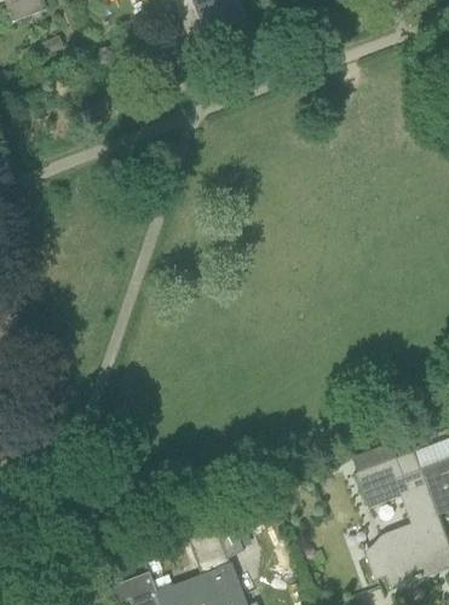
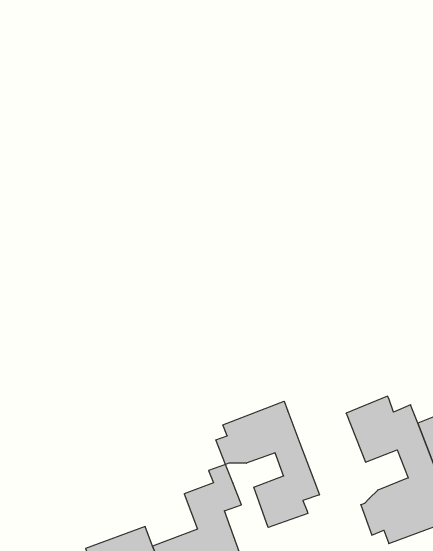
building: none -> [216,401,319,527]

